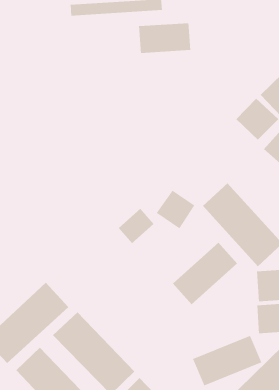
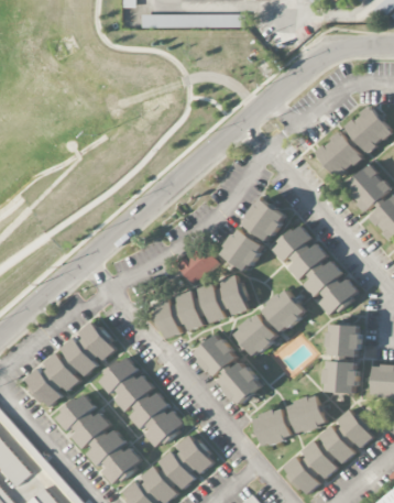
building: [138,22,191,54] -> none
building: none -> [241,198,287,243]
building: none -> [152,277,250,337]
building: none -> [194,332,239,378]
building: none -> [218,361,263,406]

